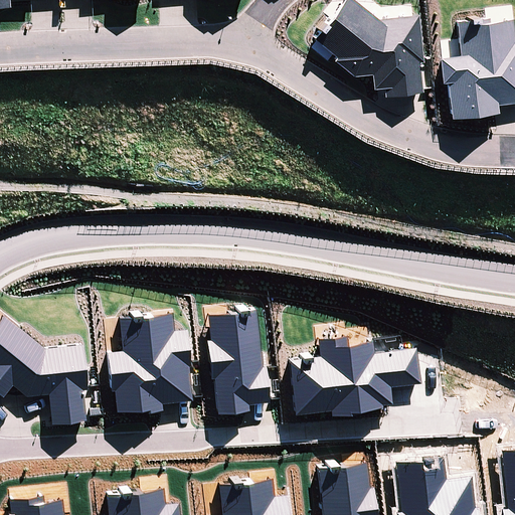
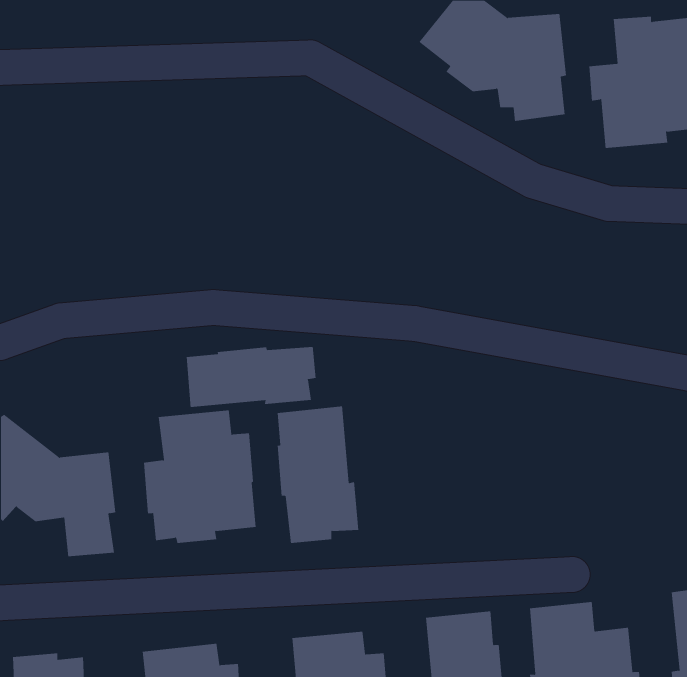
building: none -> [186,346,316,408]
building: [290,337,420,414] -> none

